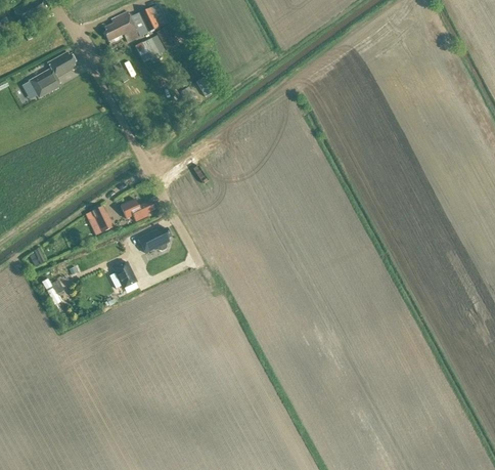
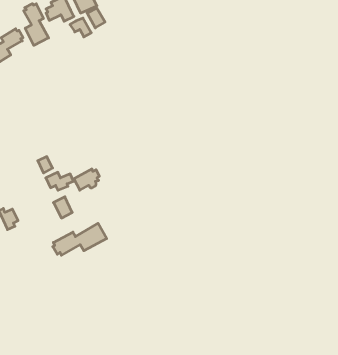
building: none -> [24,4,49,45]
building: [119,198,153,220] -> [46,172,74,190]
building: none -> [53,223,107,255]

